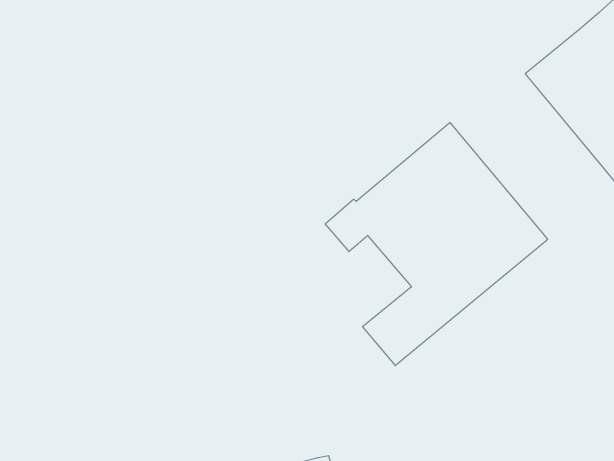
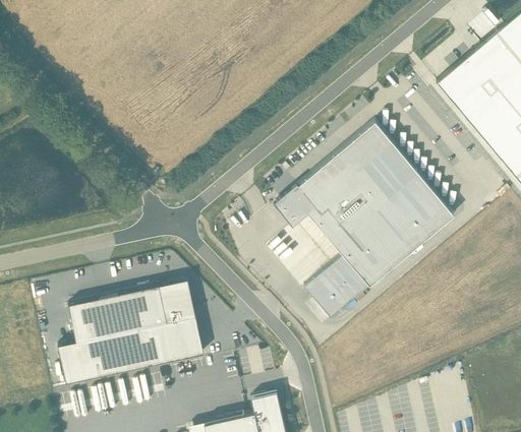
building: none -> [58,283,205,383]

